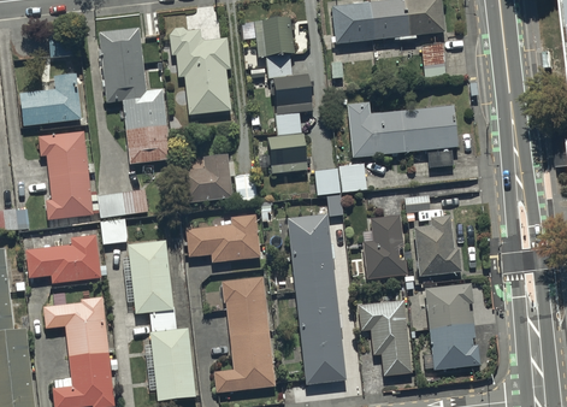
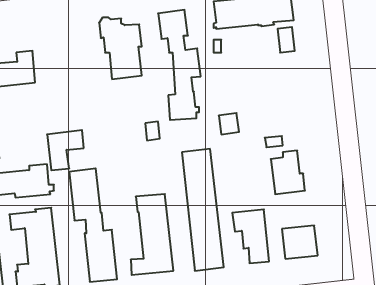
building: [98,28,171,164] -> none
building: [347,102,457,166] -> none
building: [39,131,94,219] -> none
building: [176,155,232,202] -> none
building: [314,167,342,216] -> none
building: [362,213,404,278] -> none
building: [187,214,260,261] -> none
building: [424,282,473,326] -> none

